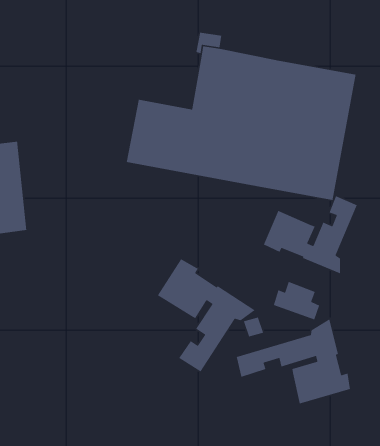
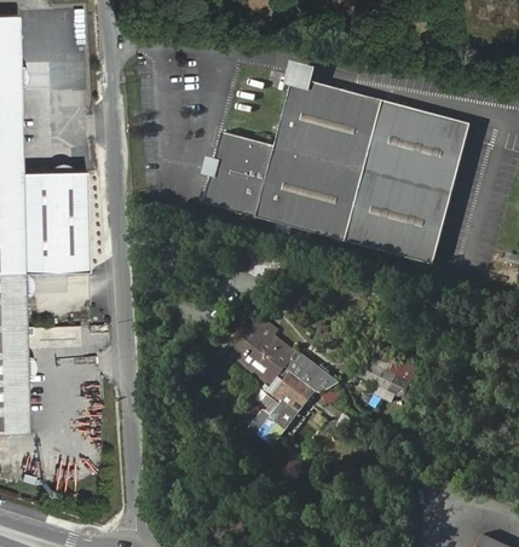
building: [263,195,358,275] -> none
building: none -> [253,367,290,415]
building: [236,318,351,404] -> none

